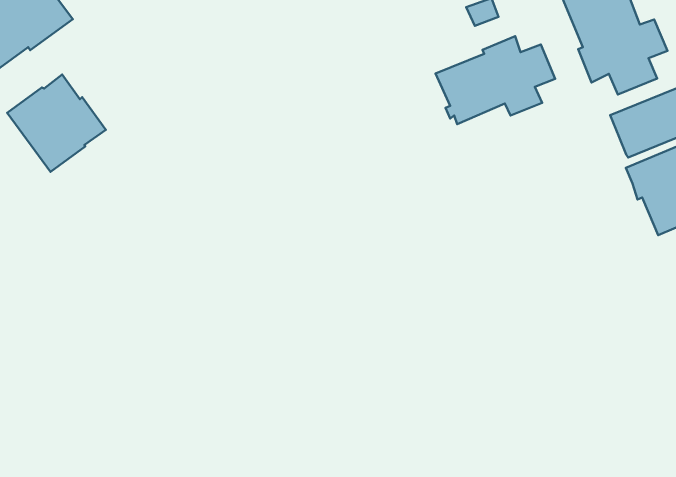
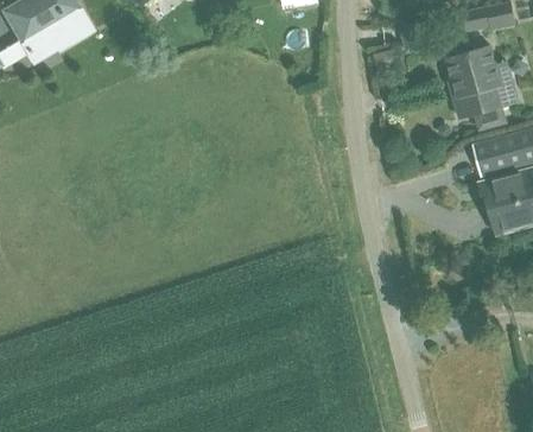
building: [436,36,555,124] -> none
building: [7,75,106,172] -> none

